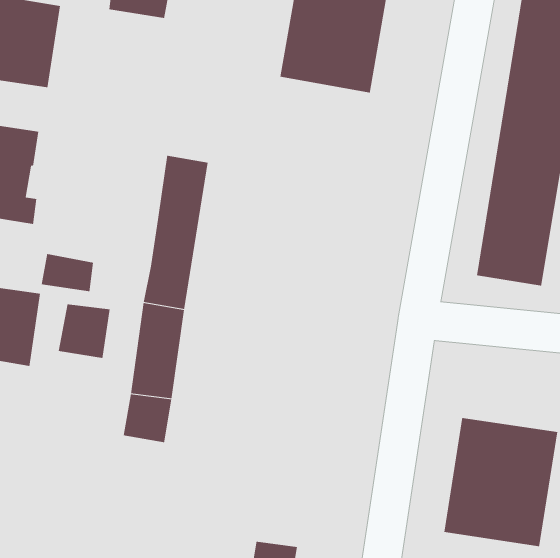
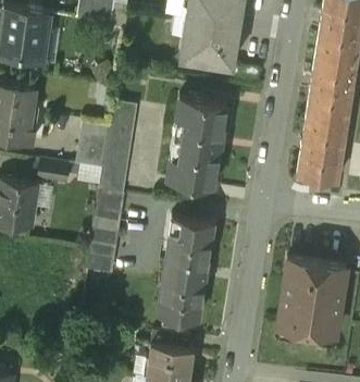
building: none -> [166,99,227,189]
building: [58,304,110,358] -> [75,138,107,171]
building: none -> [158,218,214,322]

